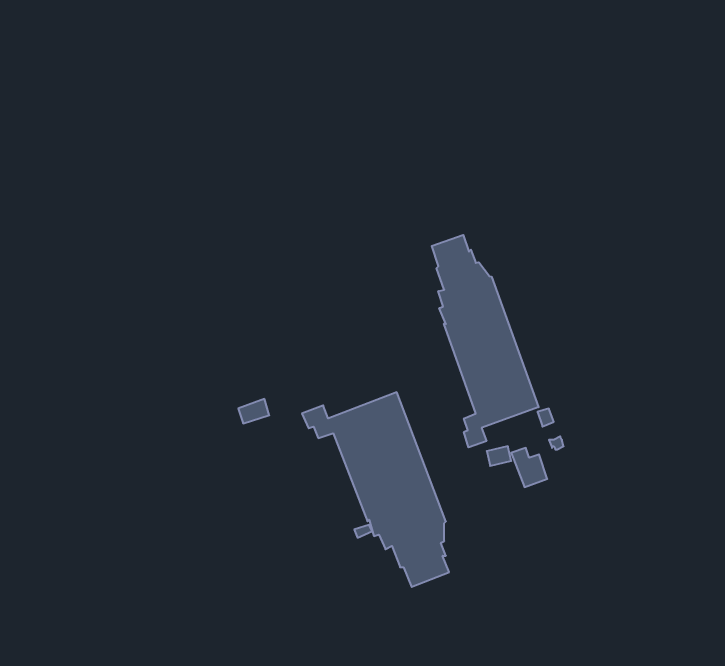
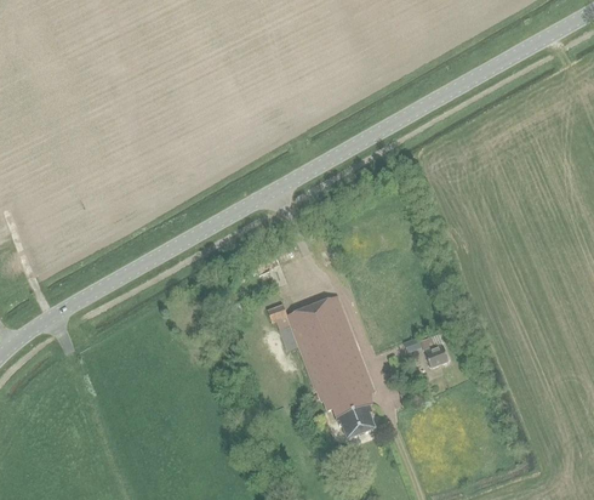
building: [432,235,539,447] -> none

